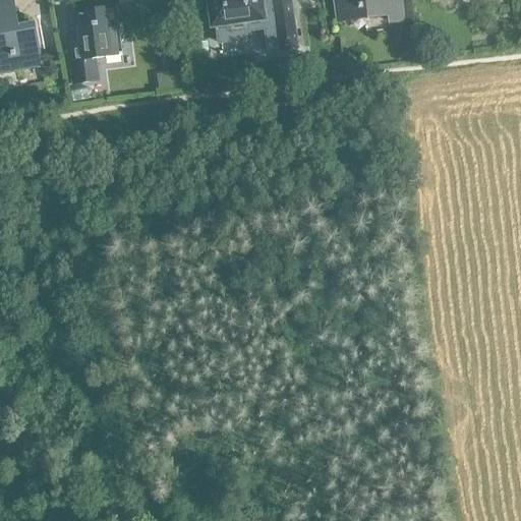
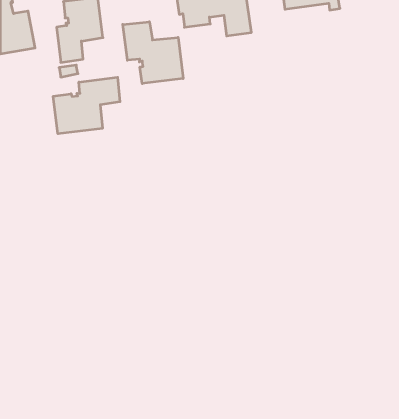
building: none -> [123,22,183,84]
building: none -> [53,77,120,134]

